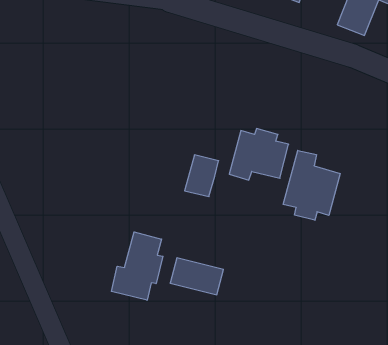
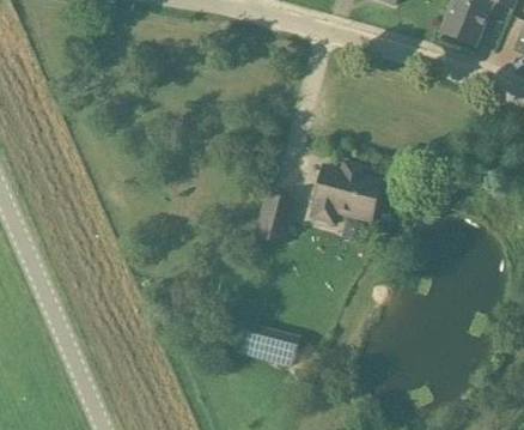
building: [283,150,340,220] -> none
building: [111,232,163,300] -> none

